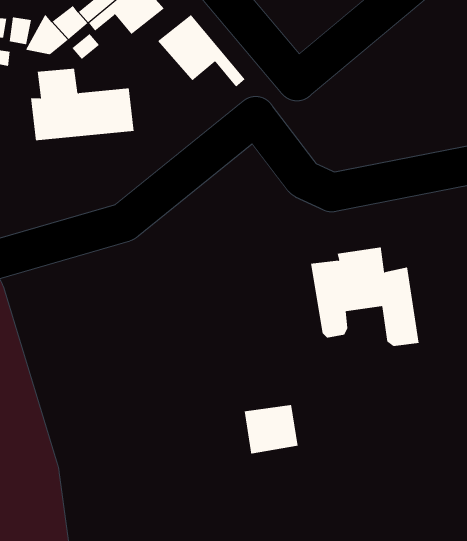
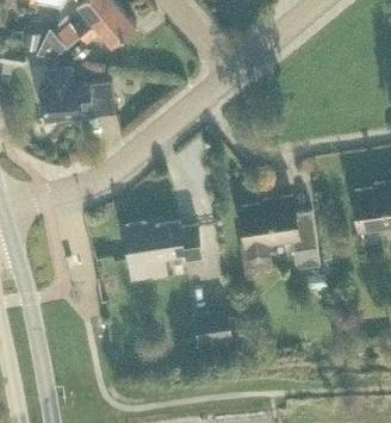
building: [157,14,245,87] -> none
building: none -> [125,226,203,281]

